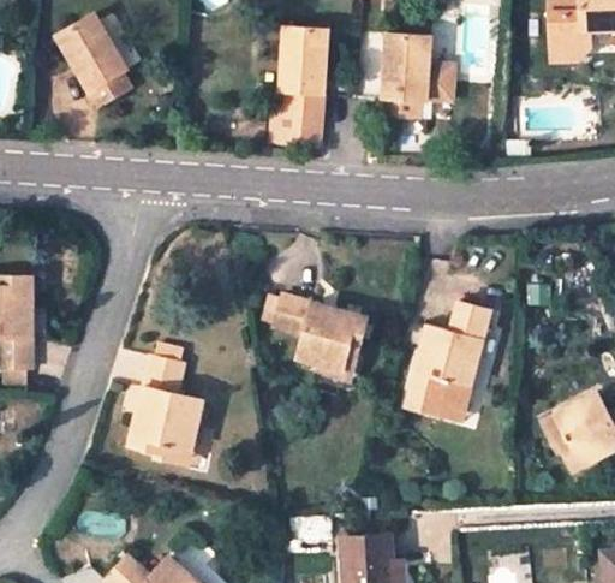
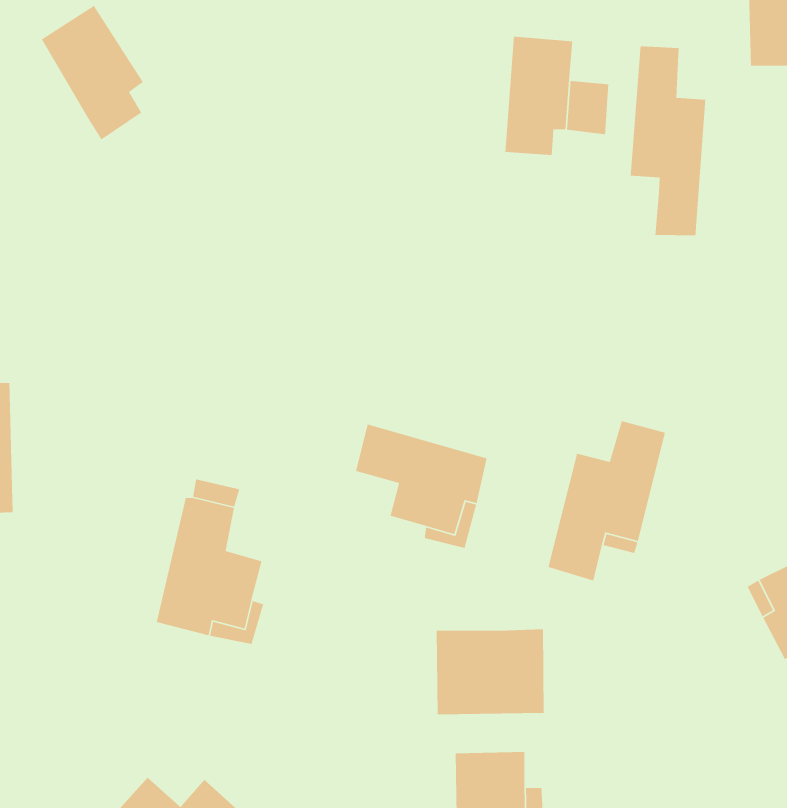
building: [274,25,322,135] -> none
building: none -> [630,45,706,236]
building: none -> [436,629,544,715]

